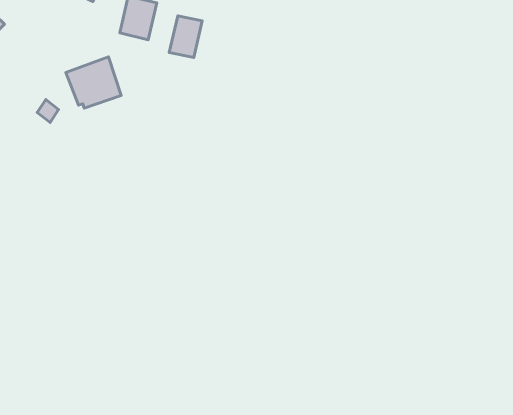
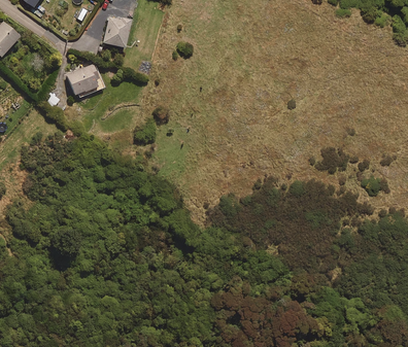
building: [169,16,202,58] -> none

